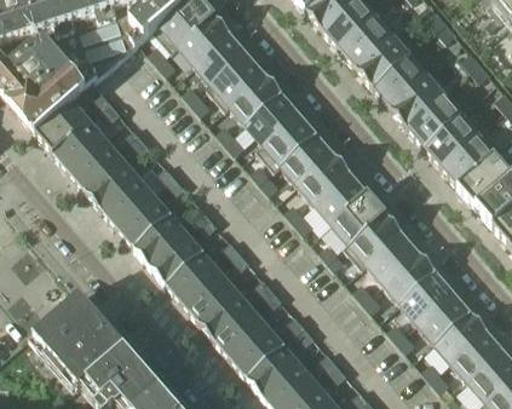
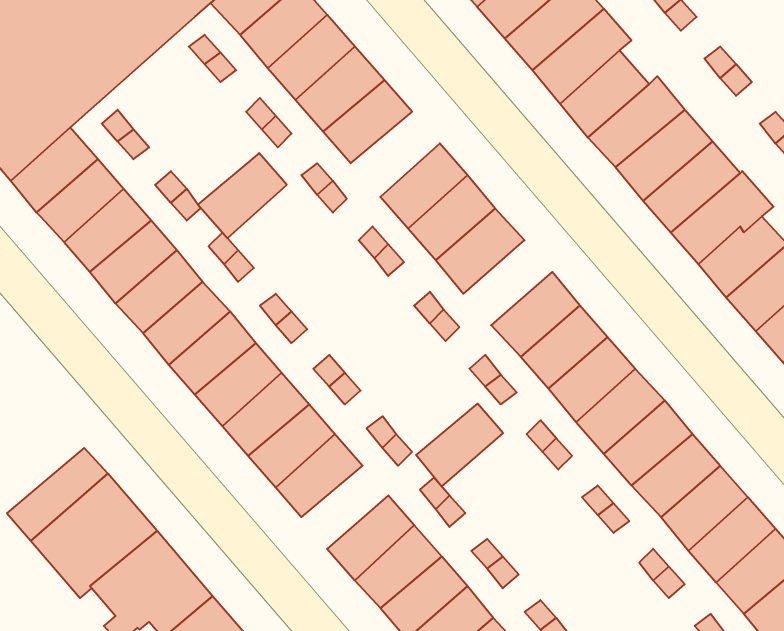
building: [242,87,297,139] -> [198,153,287,238]
building: [311,166,366,218] -> none
building: [212,304,265,355] -> [416,404,503,487]

